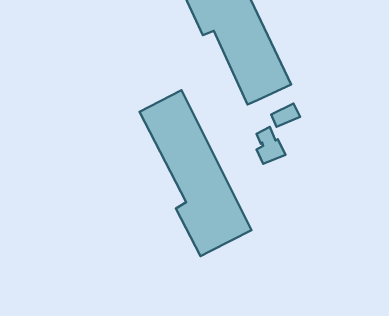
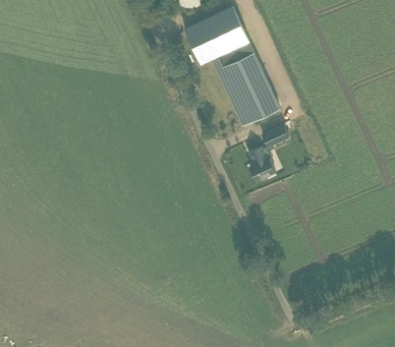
building: [139,90,252,256] -> none

